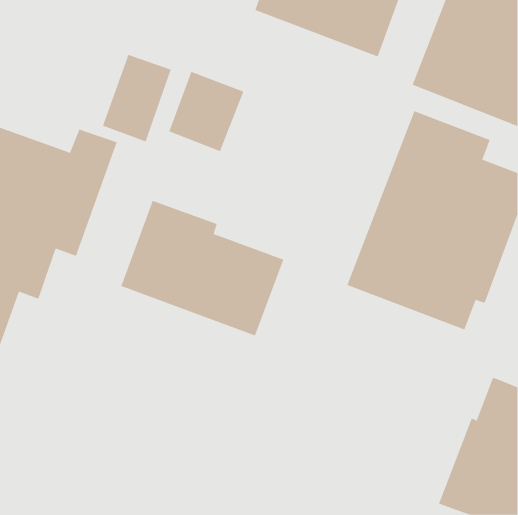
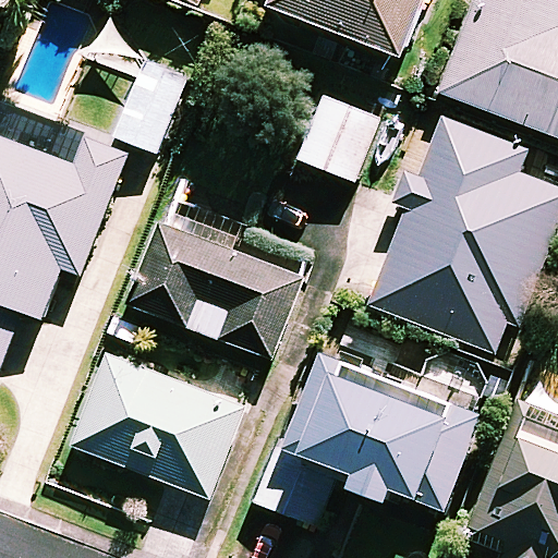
building: [168,71,244,152] -> [299,94,379,180]
building: none -> [73,353,245,498]
building: none -> [256,353,482,524]

